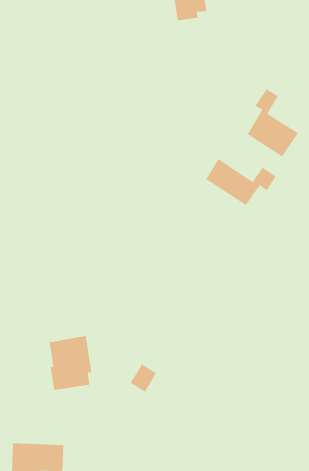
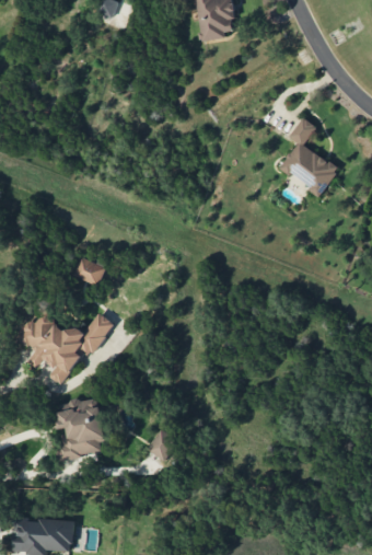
building: [205,158,276,206] -> none
building: none -> [73,256,106,286]
building: none -> [19,313,114,384]

